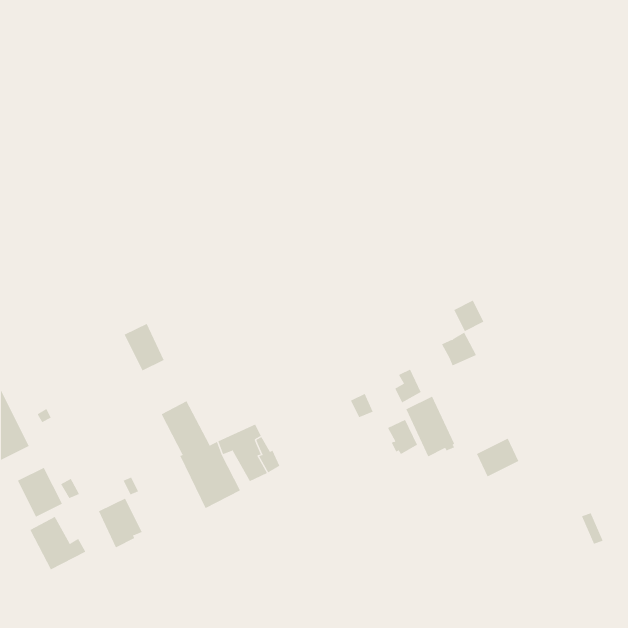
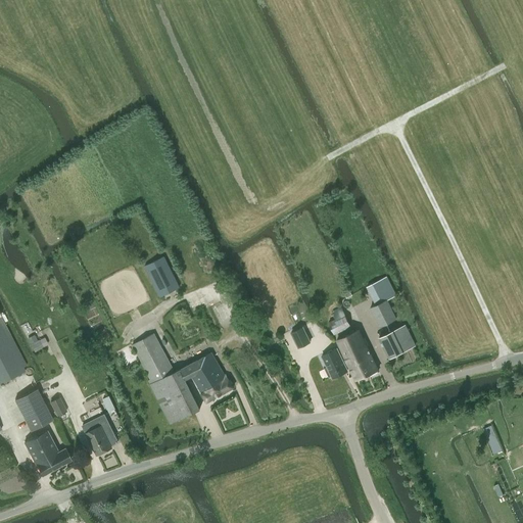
building: [453,300,484,332] -> [371,299,396,326]
building: [124,323,164,371] -> [145,256,179,296]
building: [476,438,519,477] -> [380,325,416,358]

